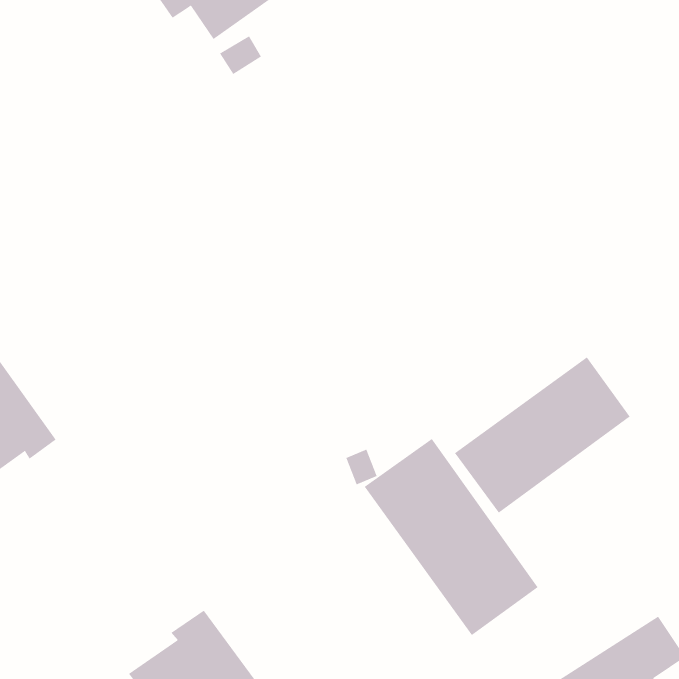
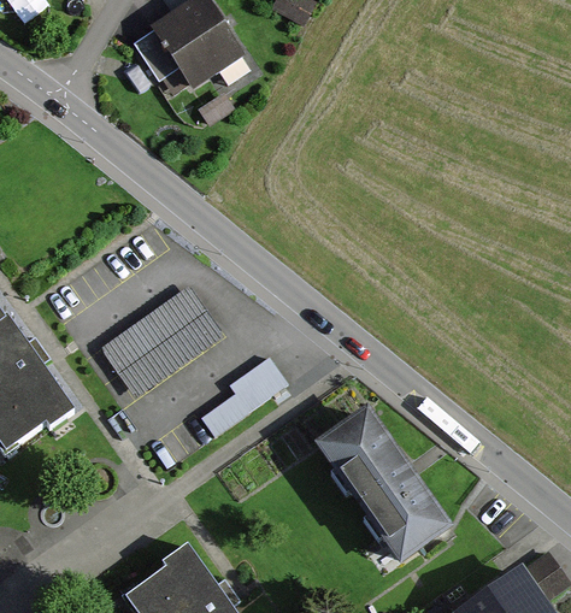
building: none -> [101,285,219,393]
building: [454,357,630,514] -> none
building: none -> [200,356,286,434]

